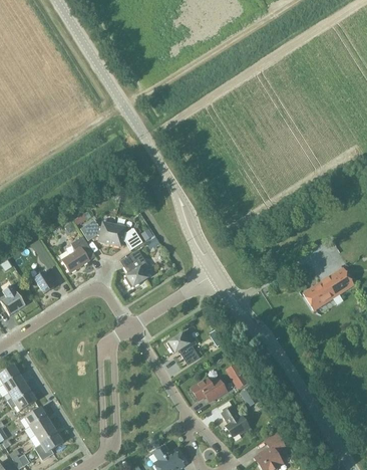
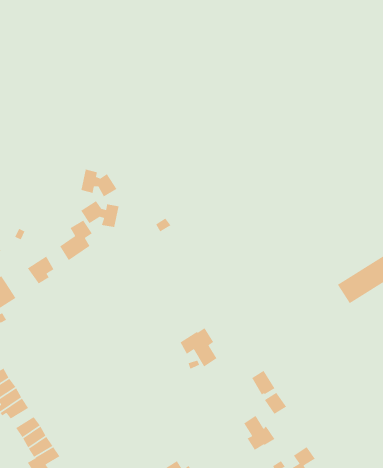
building: [110,224,142,249] -> [81,169,118,197]
building: [124,250,150,287] -> none
building: [191,378,227,400] -> none

